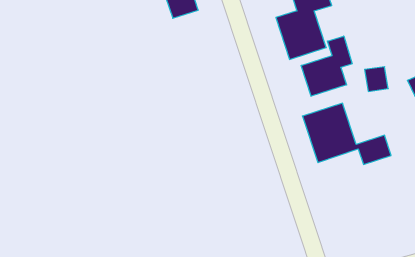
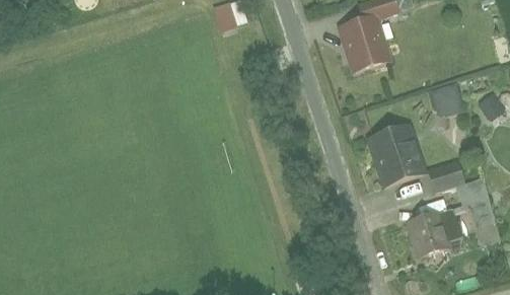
building: [301,36,352,96] -> none
building: none -> [405,204,460,256]

